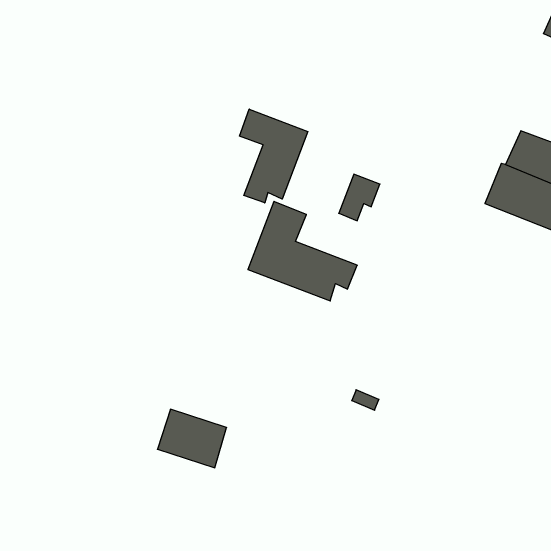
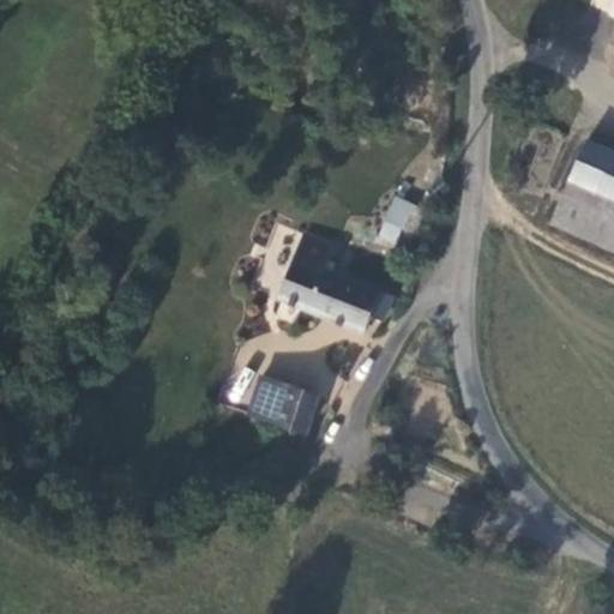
building: [239,109,308,203] -> none
building: [157,409,227,468] -> [247,372,324,437]

